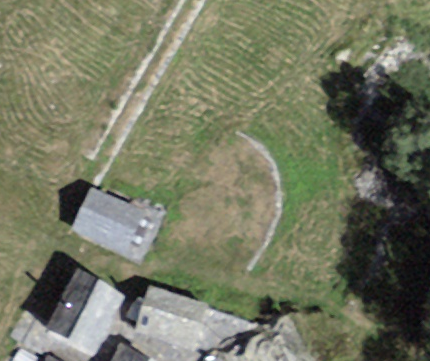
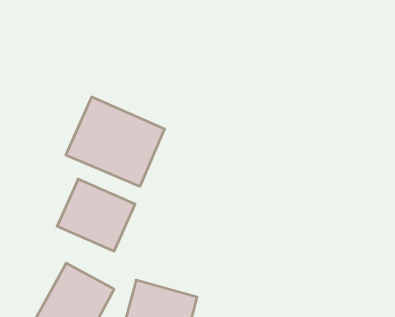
building: none -> [66,97,165,186]

